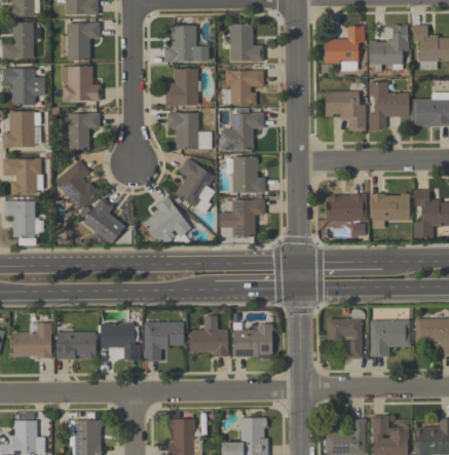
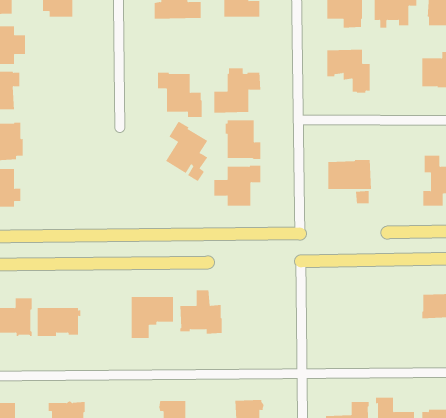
building: [59,67,101,102] -> none
building: [164,70,198,107] -> none
building: [224,71,263,106] -> none
building: [369,82,409,130] -> none
building: [62,113,100,150] -> none
building: [54,160,99,211] -> none
building: [370,194,409,229] -> none
building: [143,196,191,244] -> none
building: [83,197,125,244] -> none
building: [326,309,364,358] -> none
building: [369,319,409,356] -> none
building: [98,323,140,361] -> none
building: [231,323,272,357] -> none

